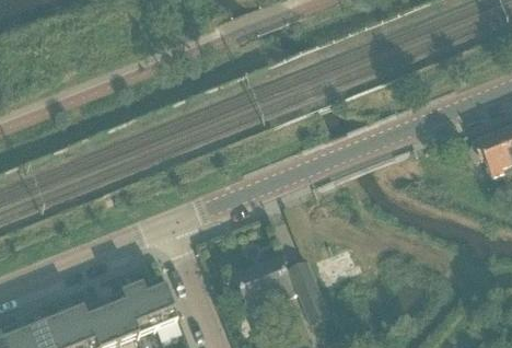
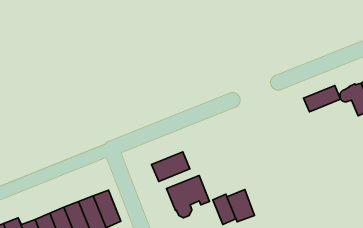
building: none -> [304,86,341,112]
building: none -> [151,152,190,182]
building: none -> [227,190,254,222]

